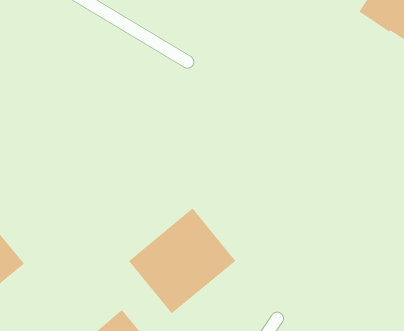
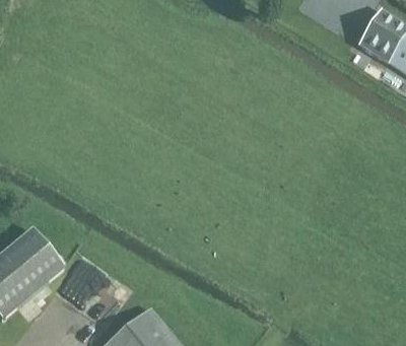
building: [128,208,236,314] -> none

